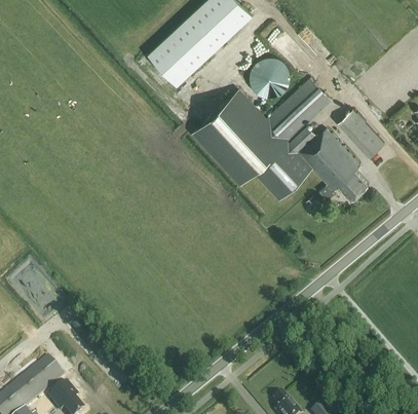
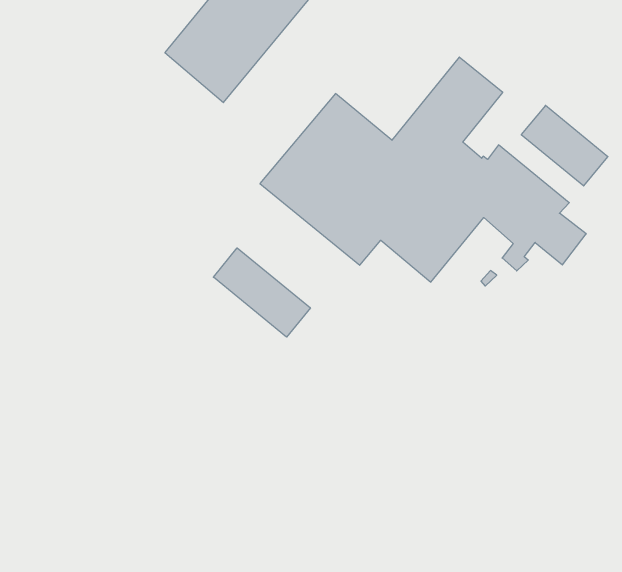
building: [250,57,290,98] -> none
building: none -> [213,248,310,337]

